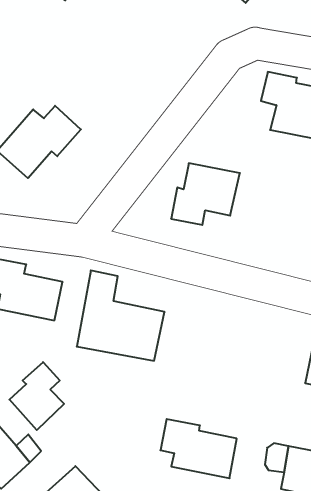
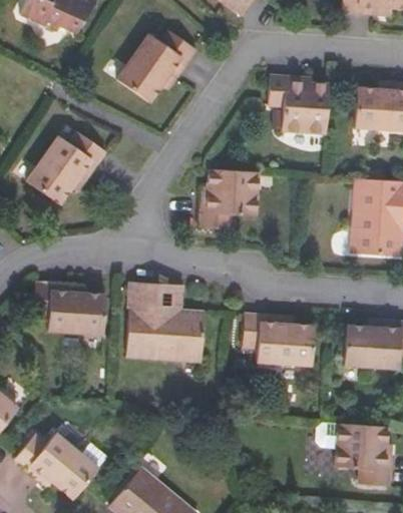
building: none -> [119,32,195,102]
building: [9,362,64,430] -> none
building: [160,419,237,478] -> [244,316,314,364]

